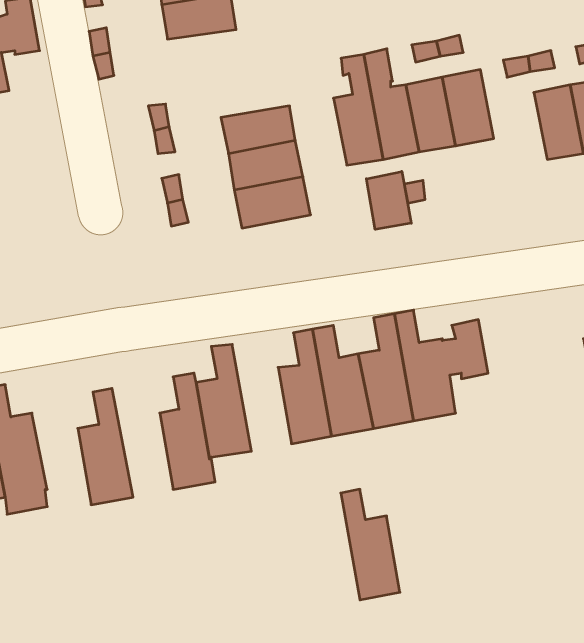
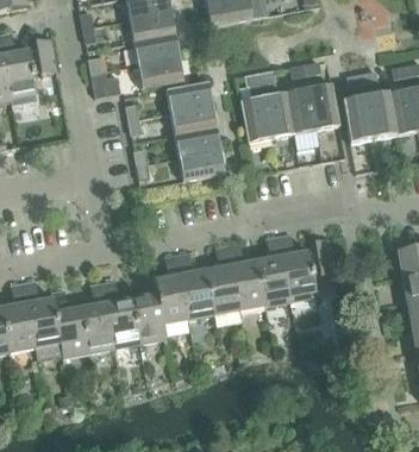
building: none -> [138,57,185,88]
building: none -> [167,81,213,112]
building: none -> [343,96,374,143]
building: [366,171,411,229] -> none
building: none -> [102,278,140,349]
building: none -> [51,288,89,358]
building: [341,489,400,600] -> [177,251,214,320]

